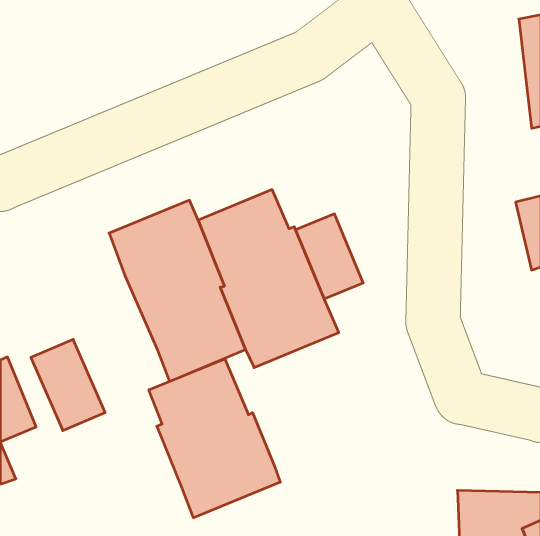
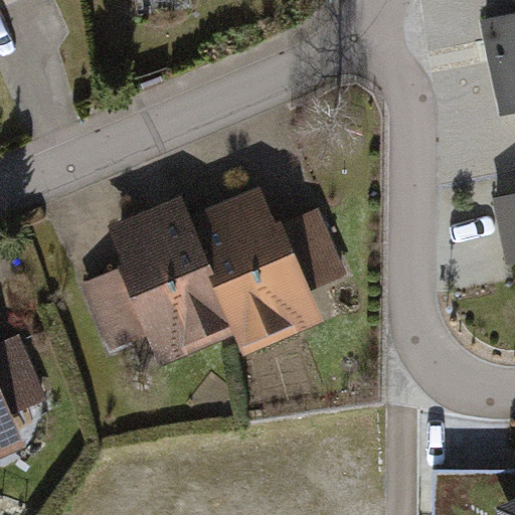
building: [31,339,105,431] -> [79,267,150,353]
building: [149,359,280,518] -> none

